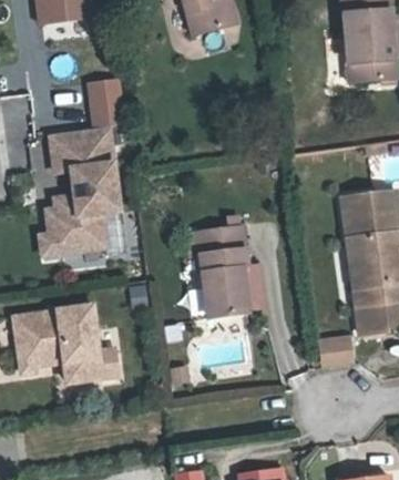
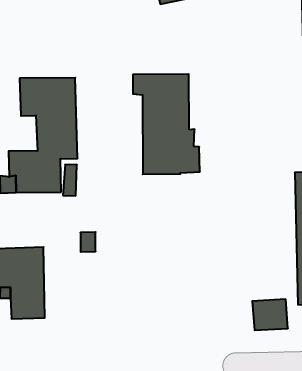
building: [93,80,129,124] -> none
building: [188,228,268,337] -> [133,74,200,174]

